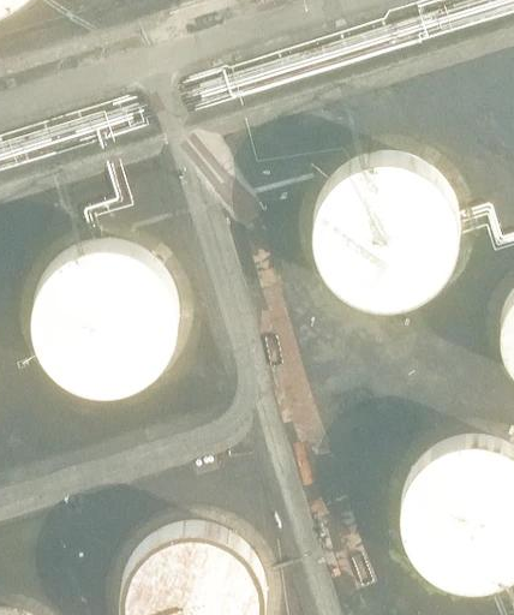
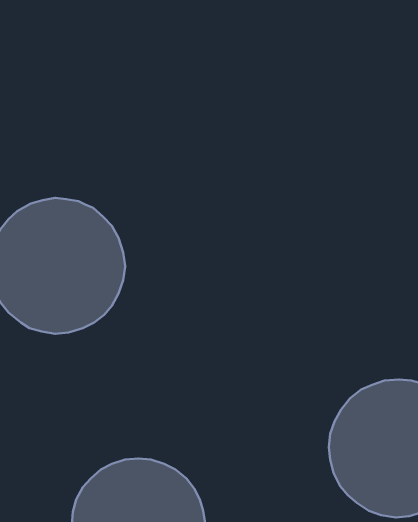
building: [311,163,462,315] -> none

